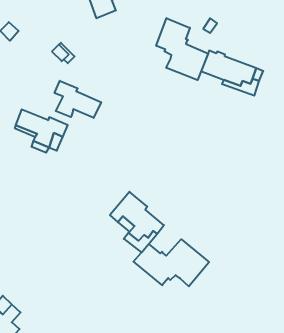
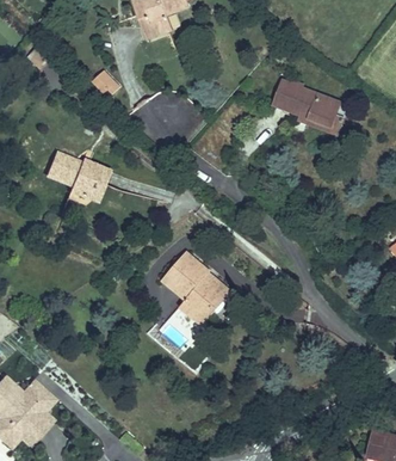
building: [156,18,208,80] -> none
building: [55,81,101,118] -> none
building: [133,239,209,286] -> none

